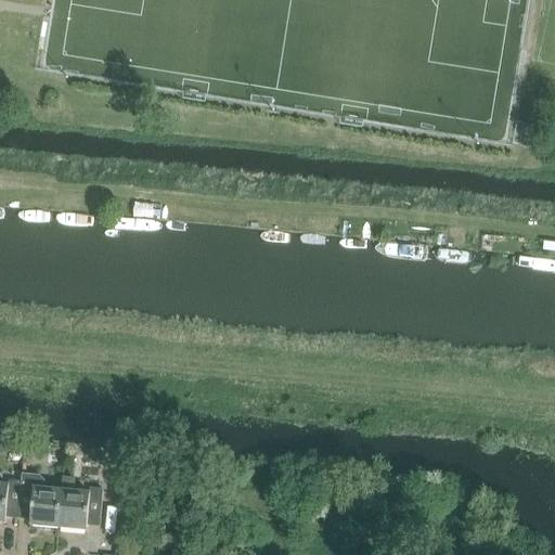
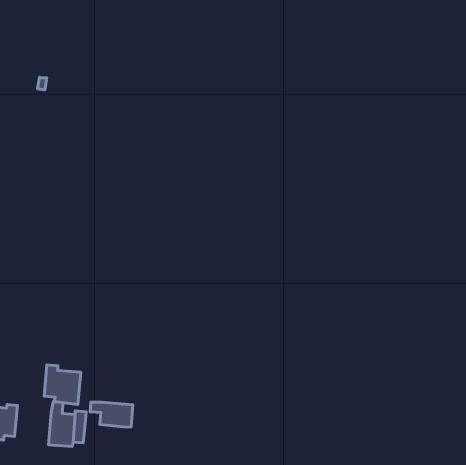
building: none -> [90,402,133,427]
building: [17,479,61,526] -> [44,365,81,404]

